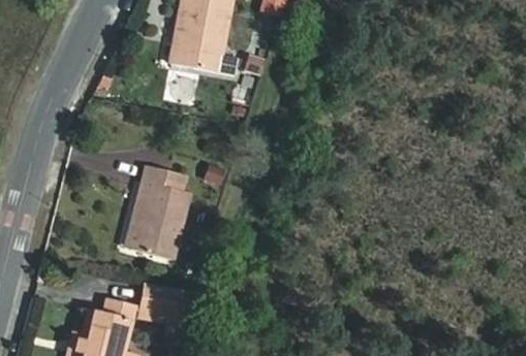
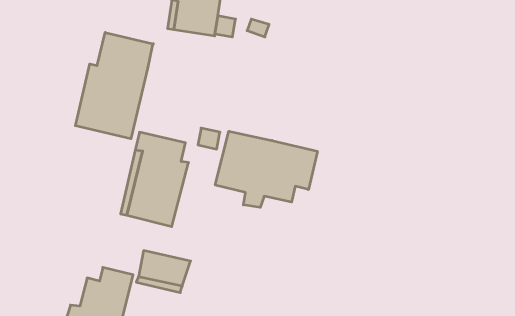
building: none -> [75,32,153,139]
building: none -> [215,131,317,207]

